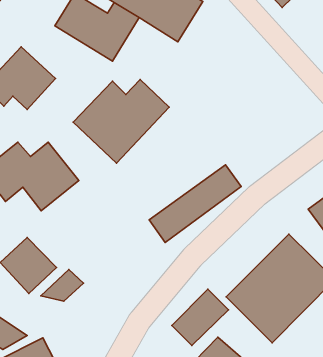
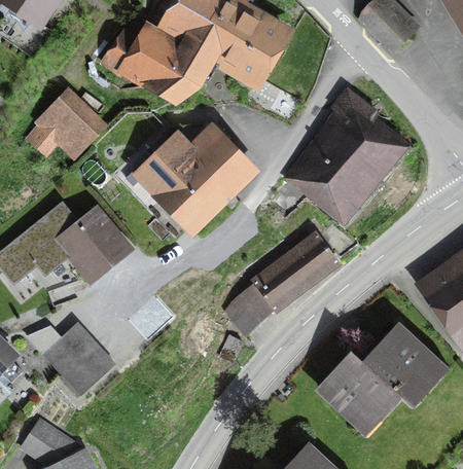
building: none -> [292,101,396,212]
building: [41,269,84,301] -> none
building: [172,289,229,346] -> none

